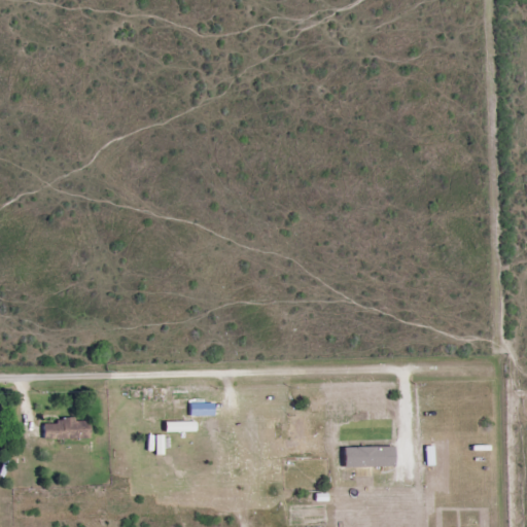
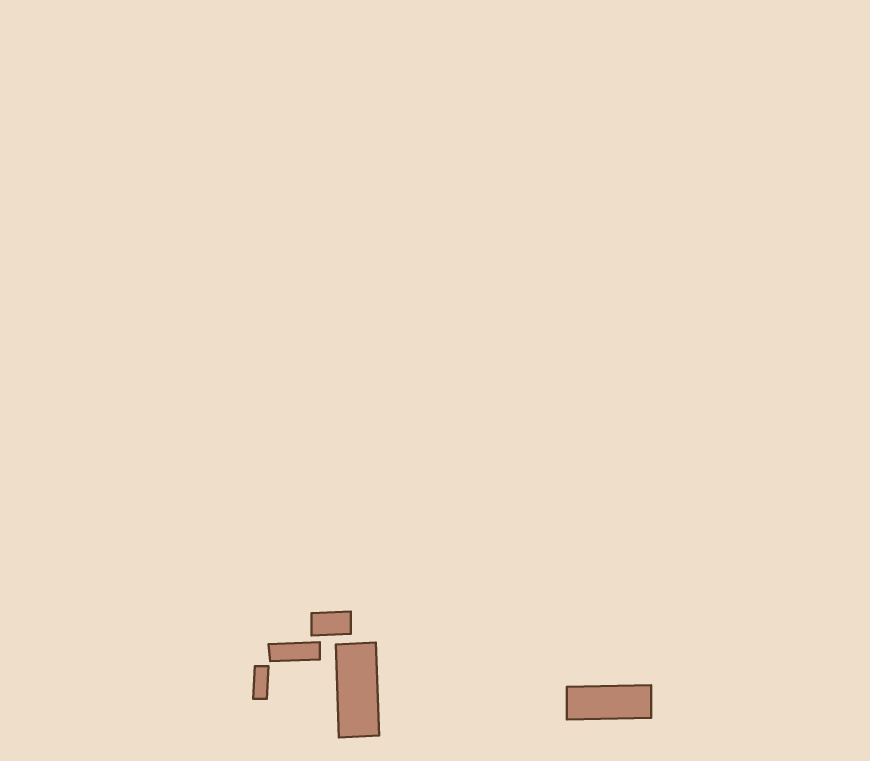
building: [43,419,90,438] -> none
building: none -> [336,643,379,738]

